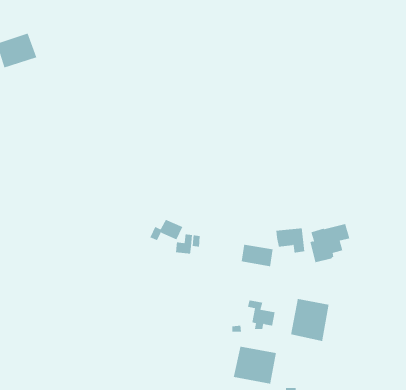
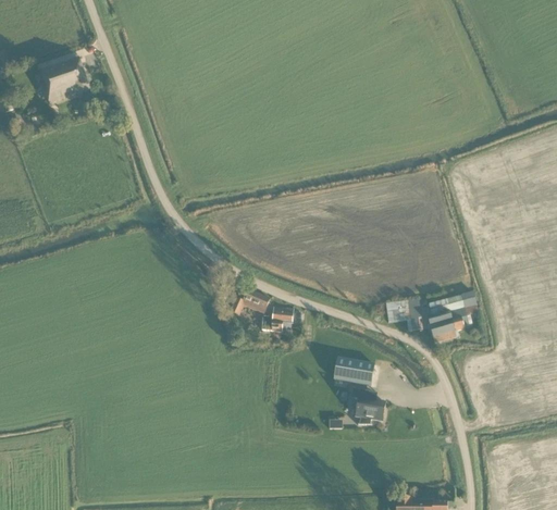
building: [241,244,274,267] -> [333,358,373,386]
building: [290,298,329,342] -> none
building: [233,346,276,384] -> none

